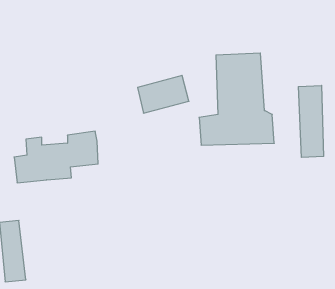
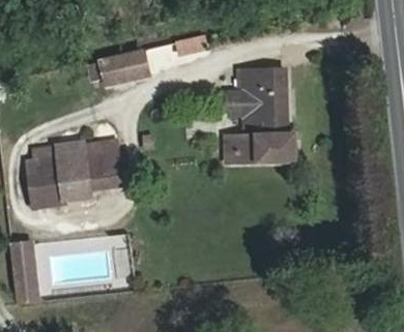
building: [138,75,189,113] -> [96,47,150,86]
building: [298,85,324,157] -> none

